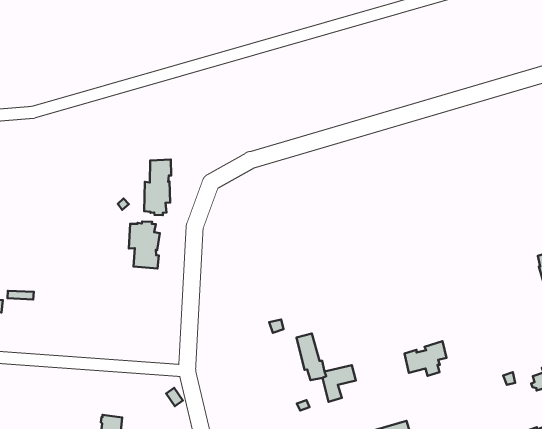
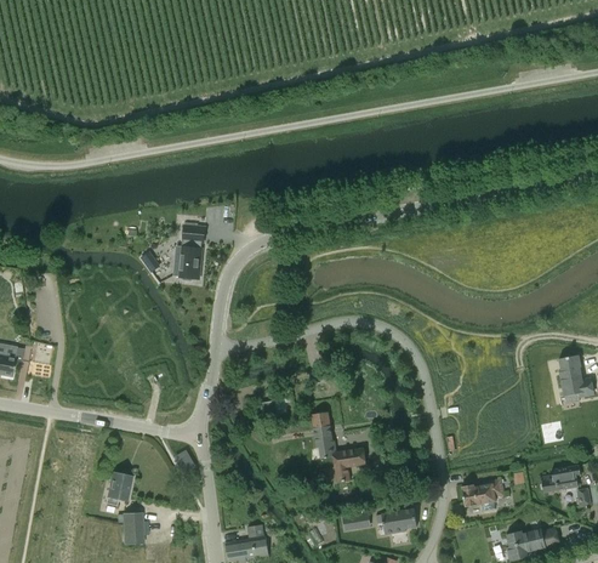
building: [129,221,160,269] -> none
building: [405,341,447,376] -> [462,478,503,511]

